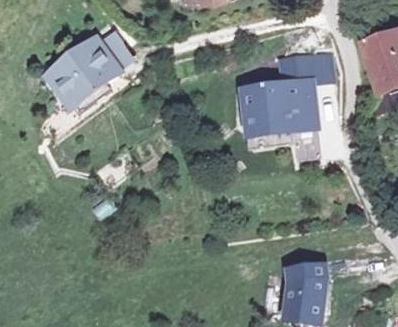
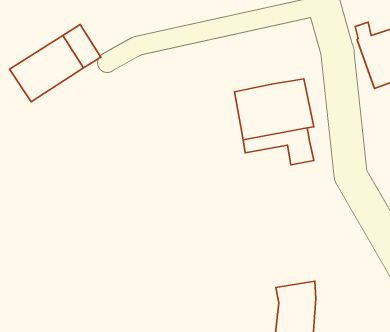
building: [279,57,335,86] -> none

